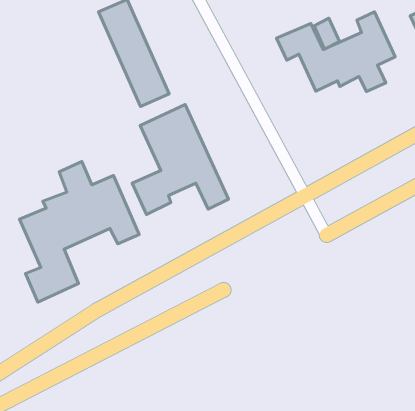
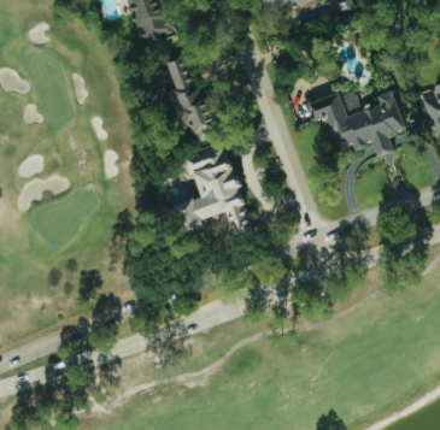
building: [19,161,139,302] -> none

